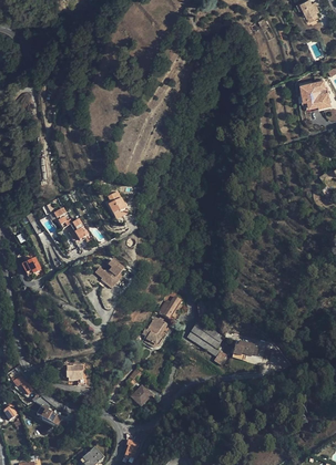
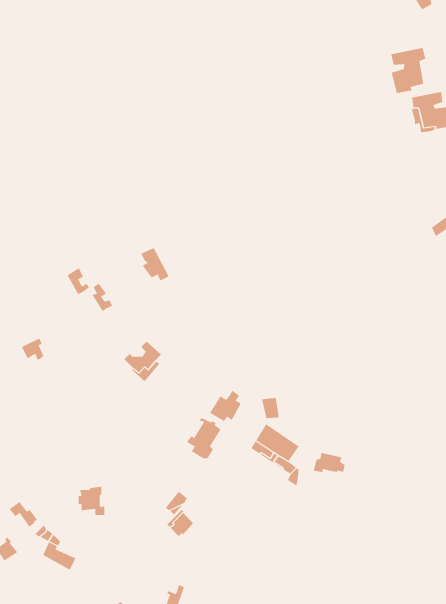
building: none -> [391,47,426,94]

